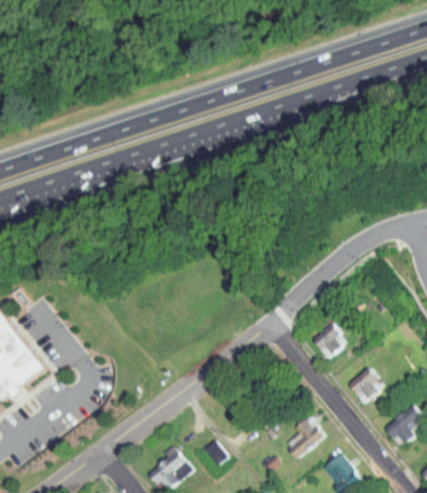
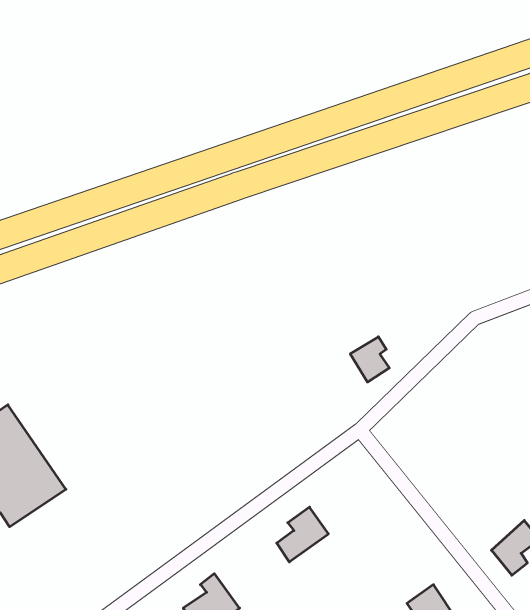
building: [311,324,341,359] -> [350,337,389,382]
building: [347,367,382,402] -> none
building: [284,416,324,458] -> [277,507,328,562]

